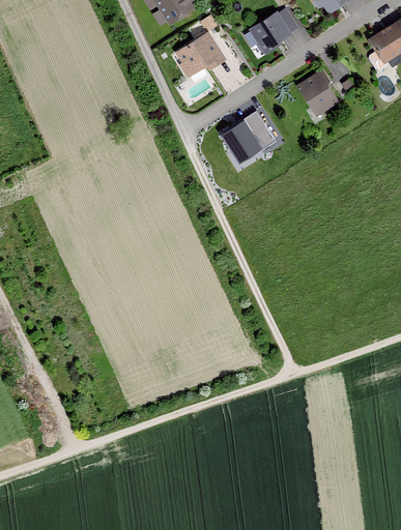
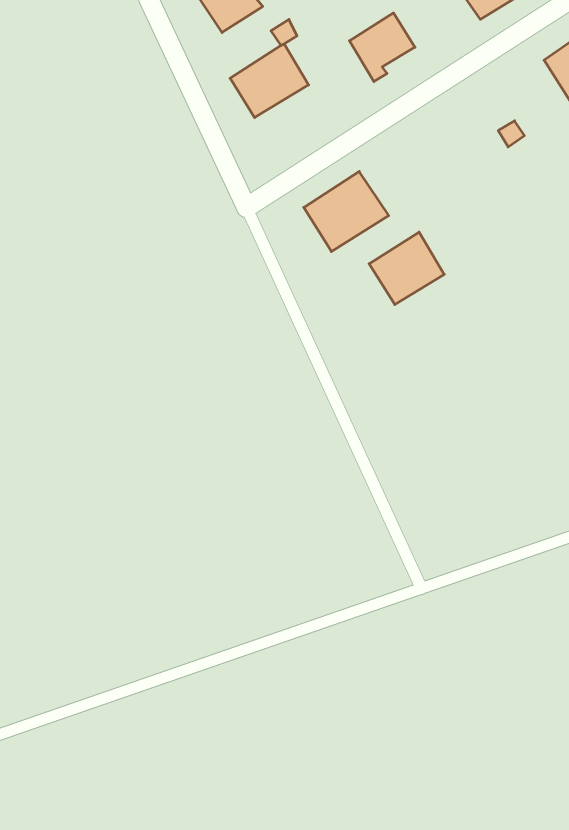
building: [299,71,342,118] -> none
building: none -> [369,232,444,305]

